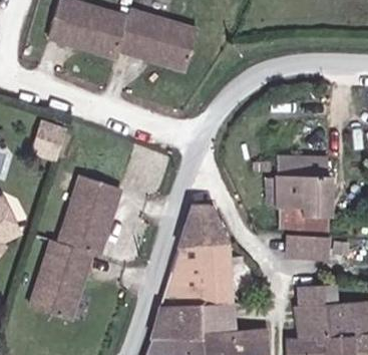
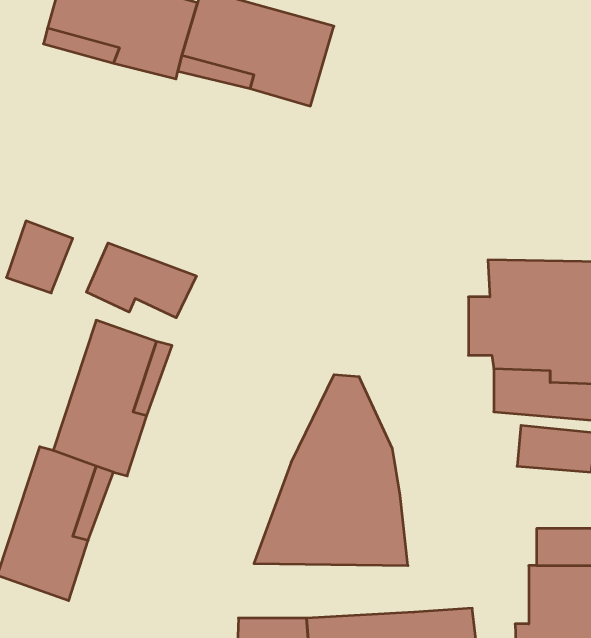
building: none -> [86,243,196,318]
building: [149,305,240,333] -> none

